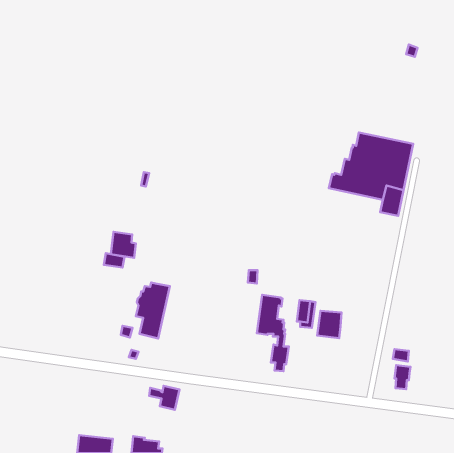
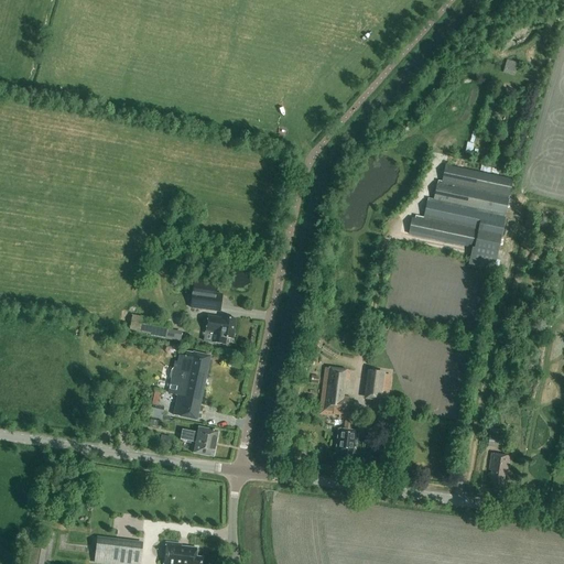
building: [111,232,136,258] -> [191,279,221,311]
building: none -> [205,314,236,344]
building: [317,311,342,338] -> none
building: [149,386,179,410] -> [181,426,218,456]

